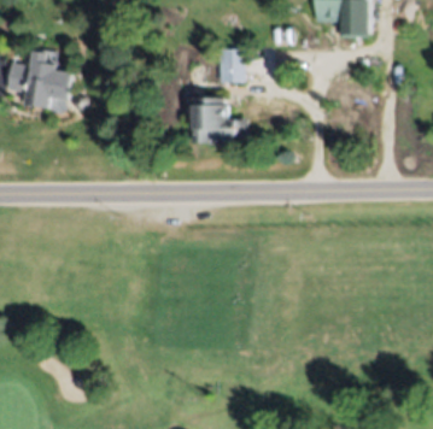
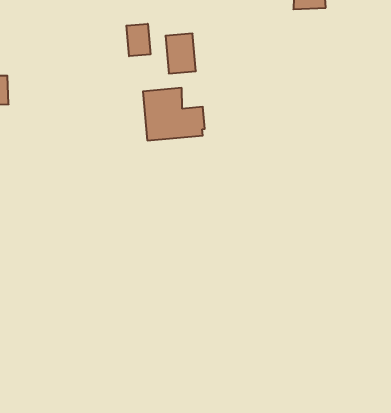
building: none -> [126,24,150,56]

